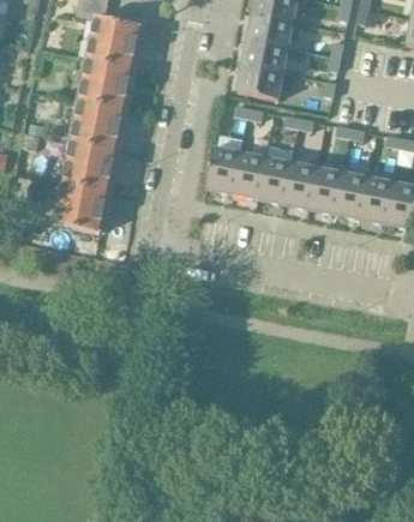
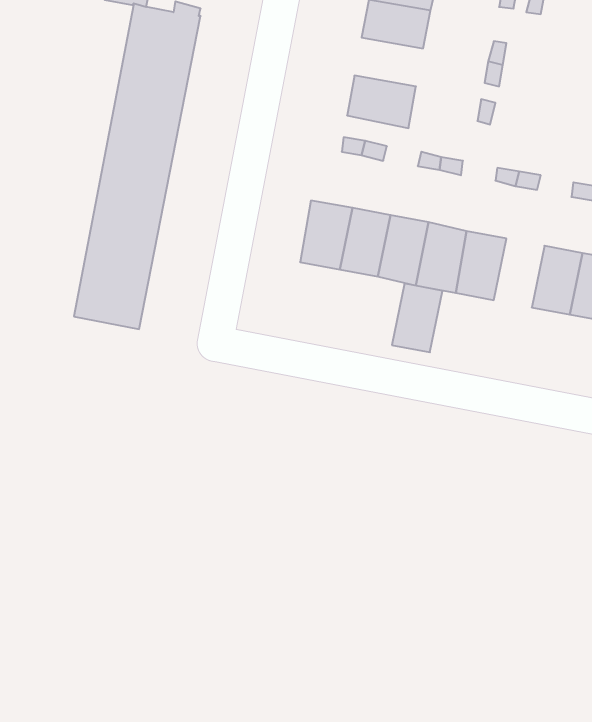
building: [241,37,287,70] -> none
building: [334,170,367,216] -> [392,283,443,352]

